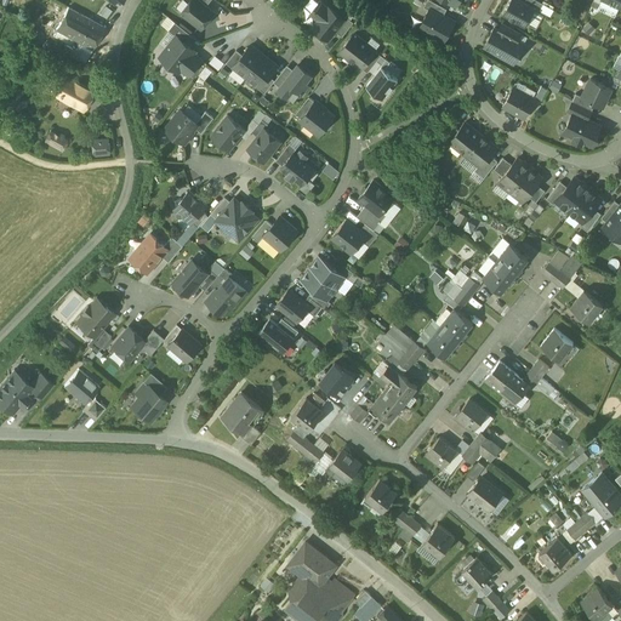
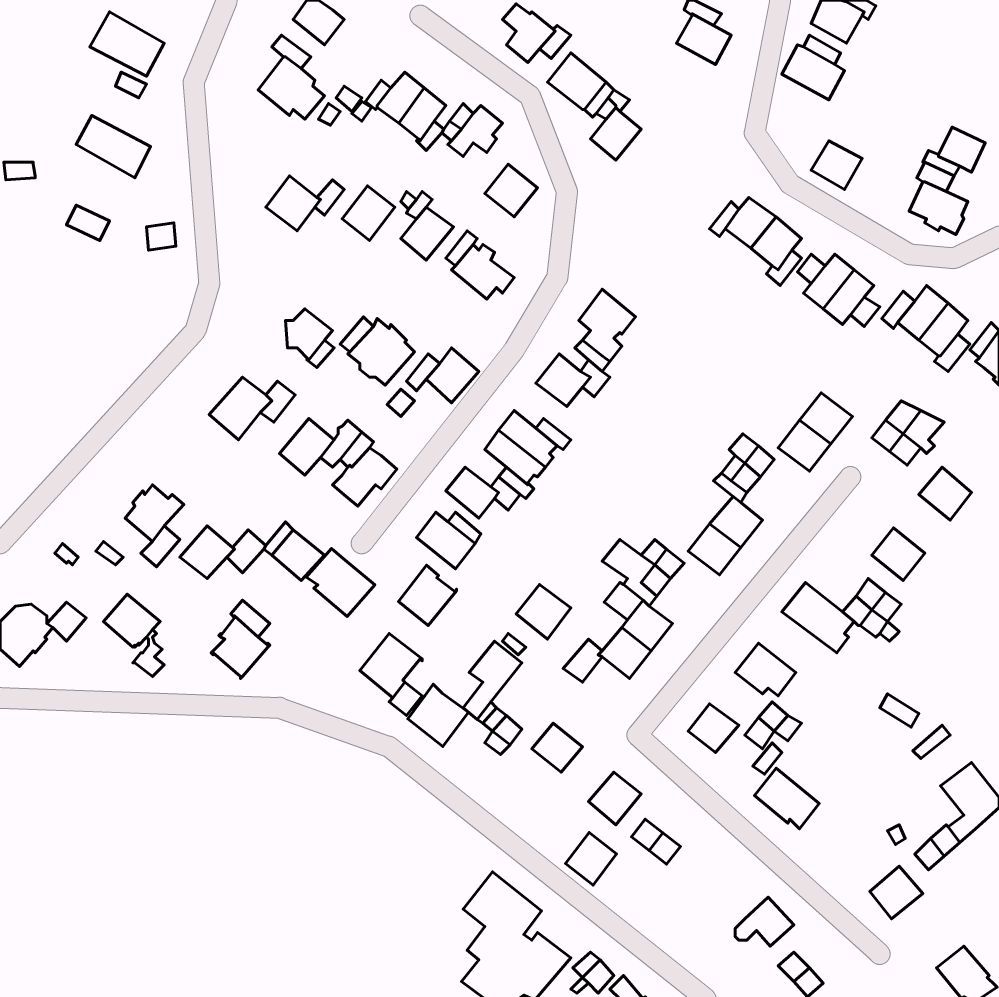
building: none -> [306,548,375,616]
building: none -> [398,565,457,625]
building: none -> [408,684,468,747]
building: [423,525,455,558] -> [566,832,616,885]

